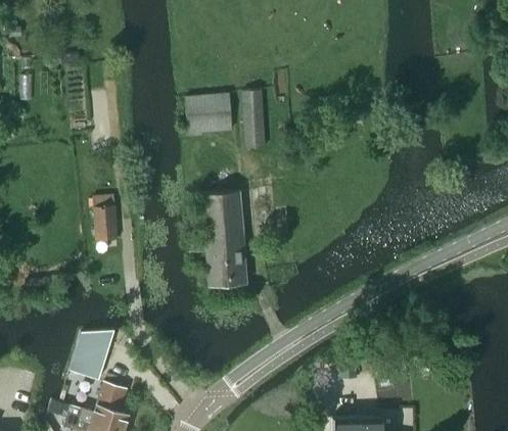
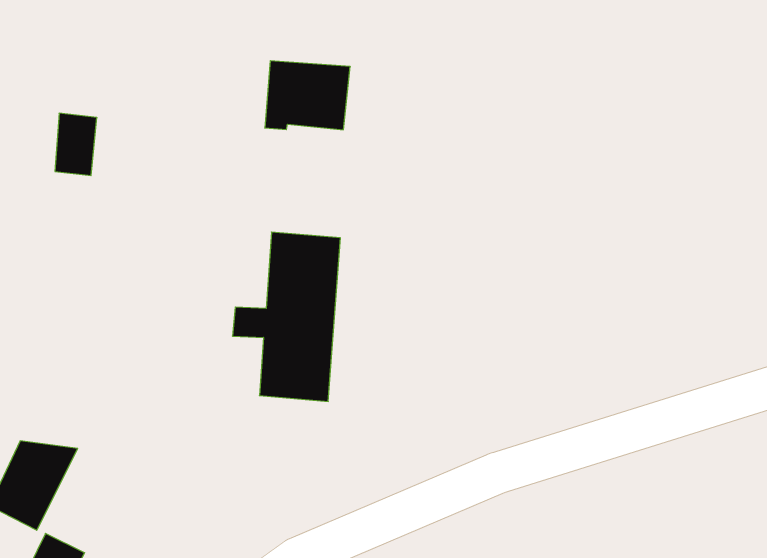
building: [241,90,264,148] -> none
building: [92,205,116,239] -> [55,113,97,176]

